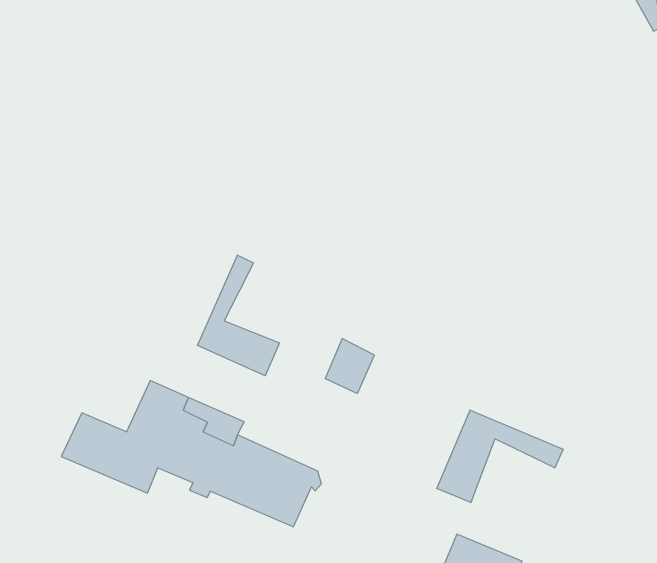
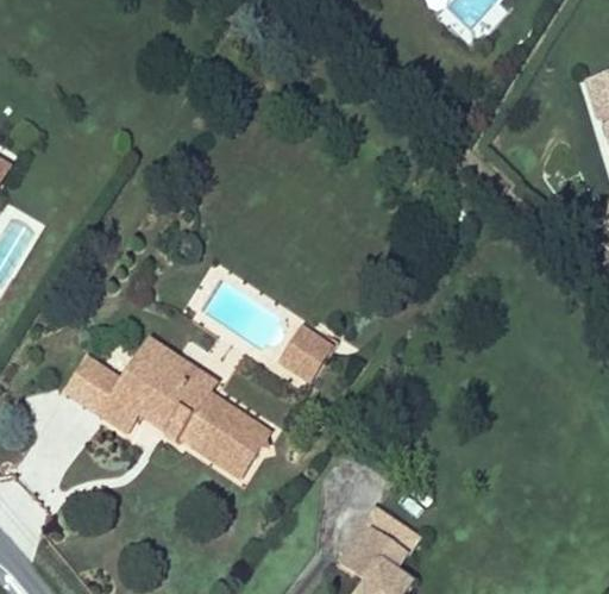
building: [197,255,280,376] -> none
building: [437,410,563,503] -> none

